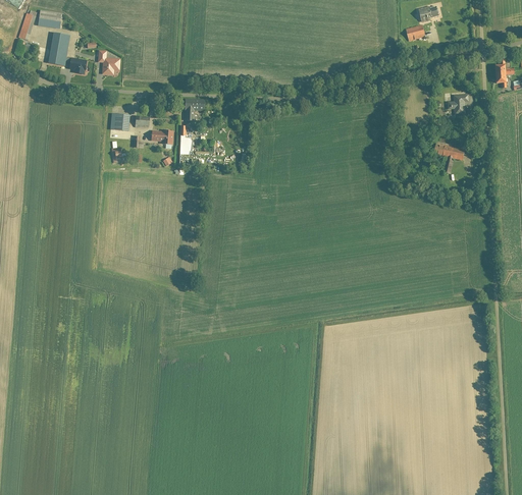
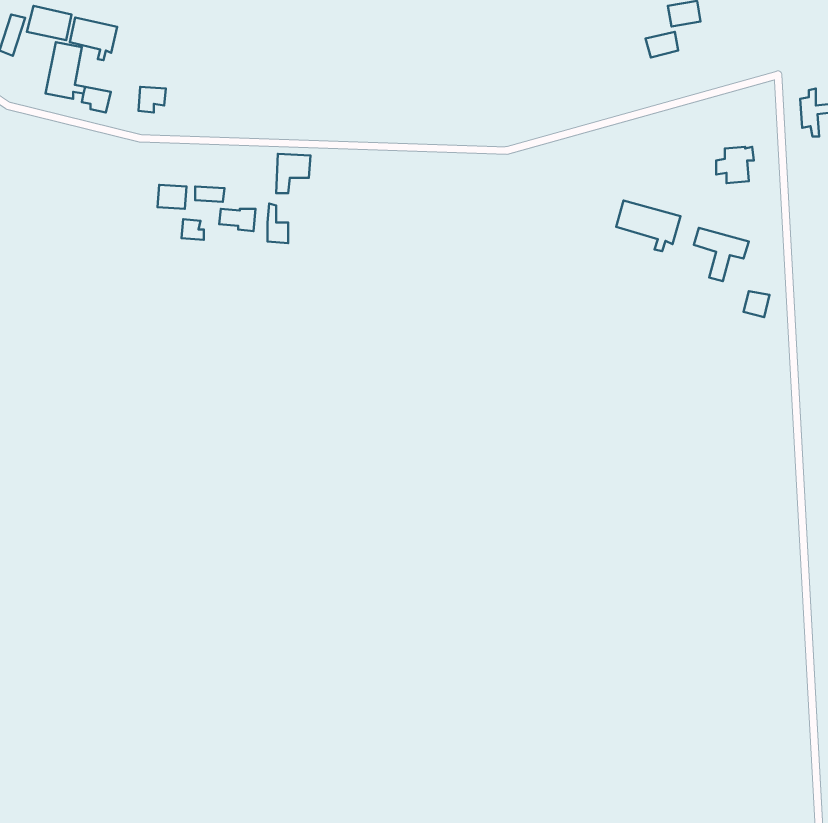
building: none -> [70,18,117,60]
building: none -> [616,201,681,251]

